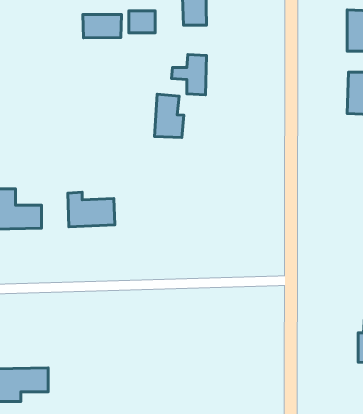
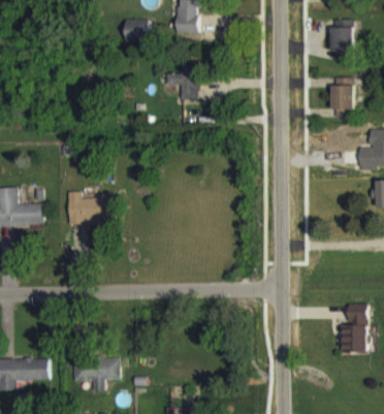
building: [83,14,121,38] -> none
building: [155,94,184,138] -> none
building: none -> [72,355,120,391]

